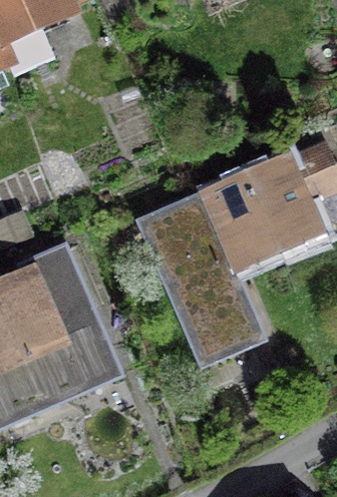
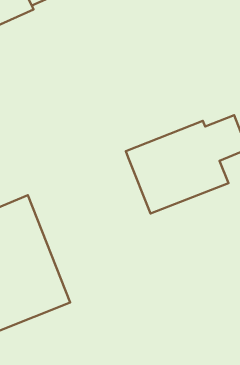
building: [139,197,254,366] -> none

